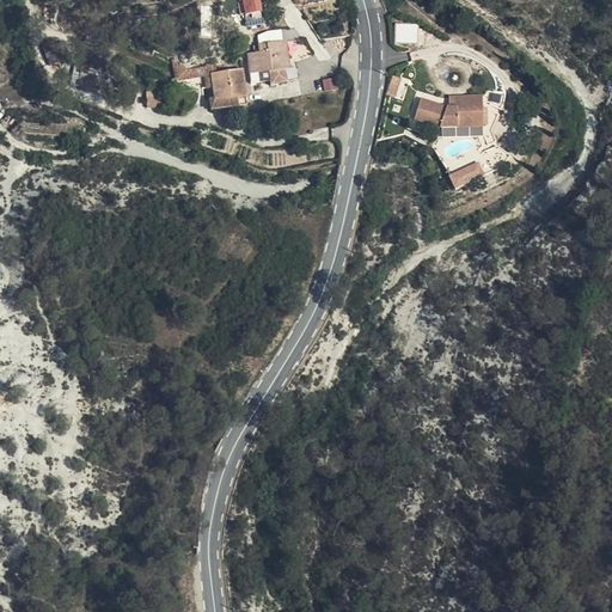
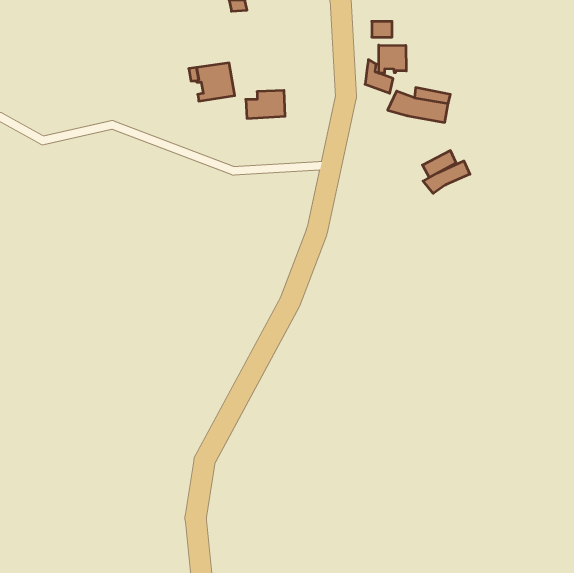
building: [247,42,289,72] -> [246,90,285,118]
building: none -> [379,45,406,73]
building: none -> [423,161,470,193]

